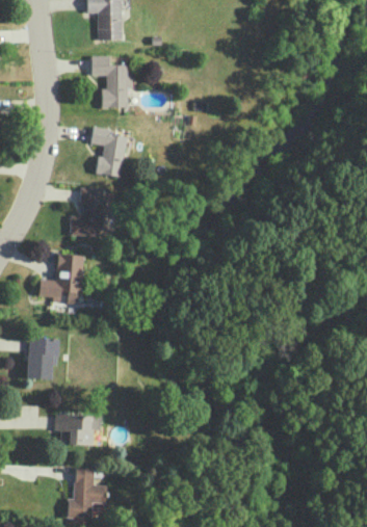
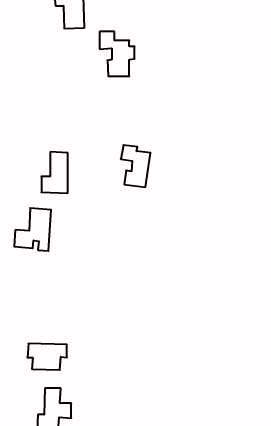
building: [91,55,133,108] -> [100,32,135,76]
building: [90,127,126,177] -> [121,145,151,187]
building: [27,338,58,380] -> none

